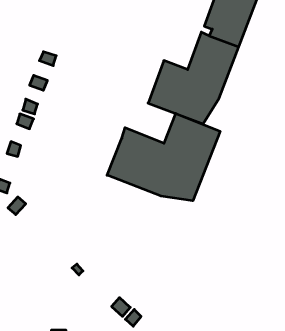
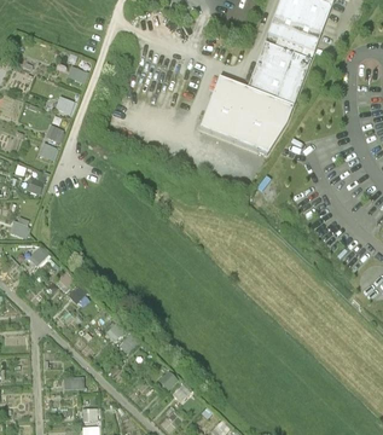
building: [107,113,220,201] -> none

